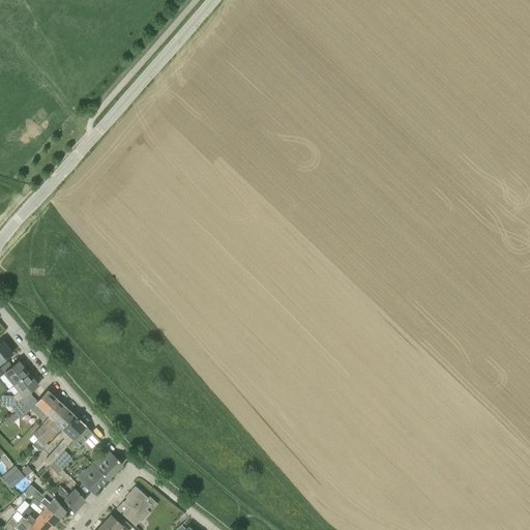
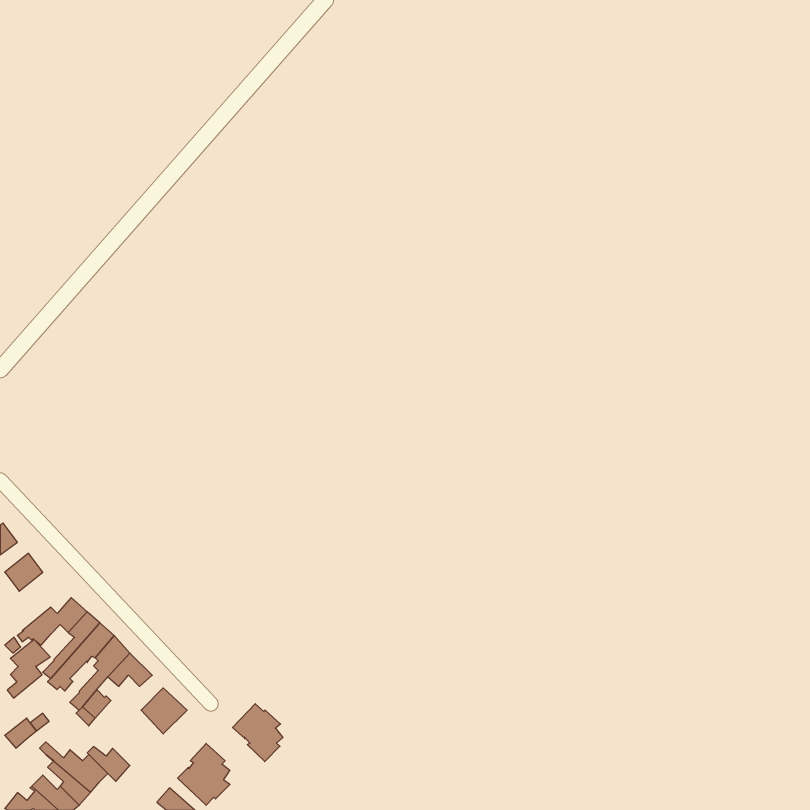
building: [10,374,38,412] -> [7,640,50,698]
building: none -> [233,704,283,762]
building: [77,464,107,493] -> none

